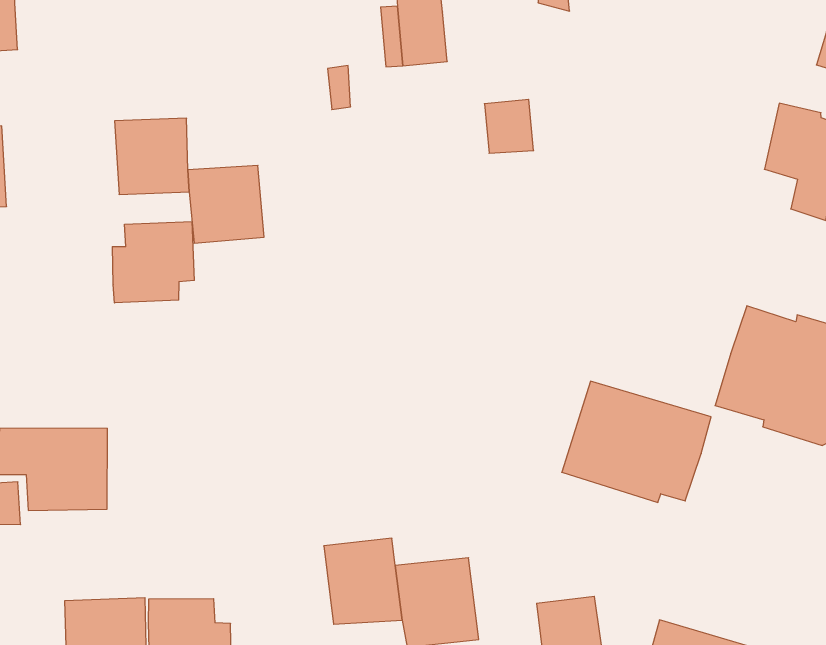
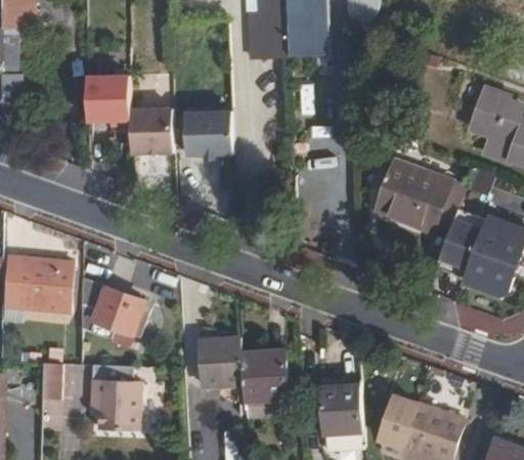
building: [484,99,534,153] -> [288,23,315,53]
building: none -> [183,109,232,153]
building: [112,222,194,303] -> none
building: [562,381,711,502] -> [375,163,466,238]
building: none -> [80,278,142,332]

